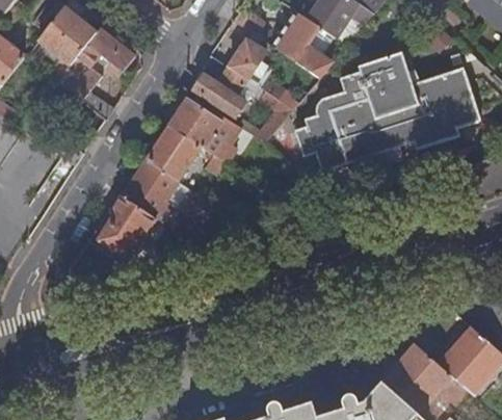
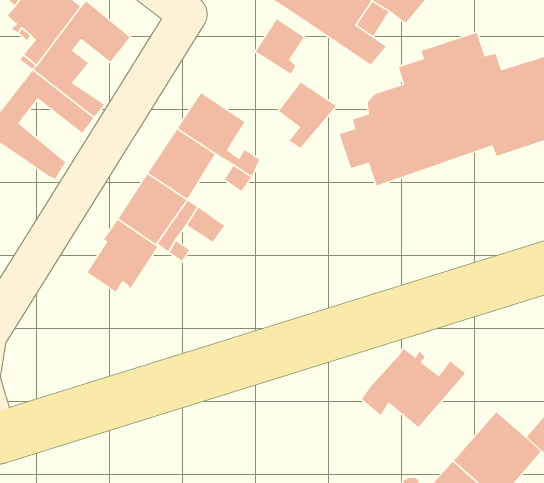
building: [193,53,259,116] -> none
building: none -> [361,348,466,428]

